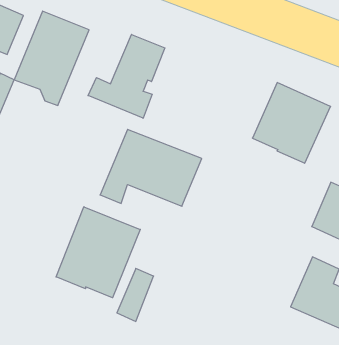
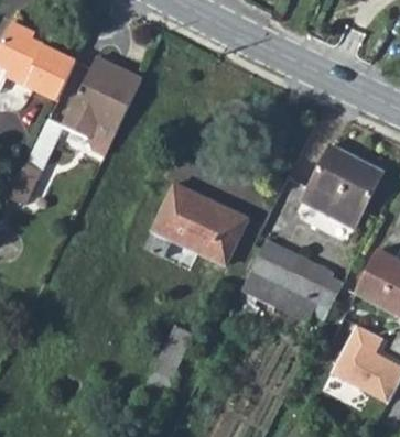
building: [88,34,165,118] -> none
building: none -> [242,239,334,321]
building: [56,207,140,298] -> none

